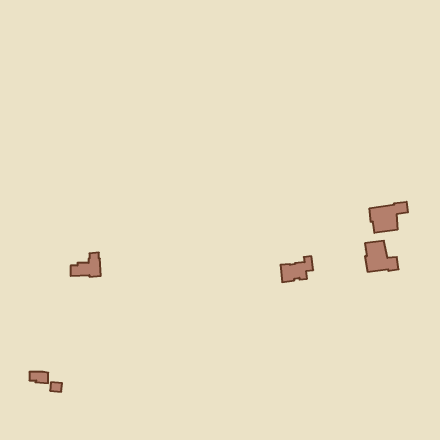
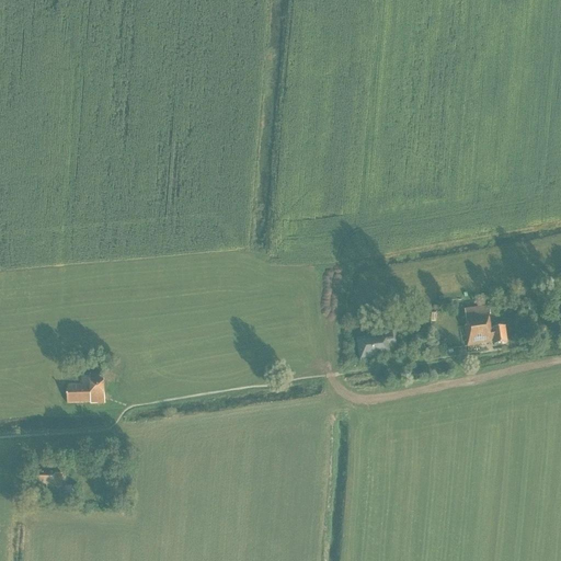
building: [370,202,408,233] -> none
building: [71,253,101,277] -> [66,373,104,403]

